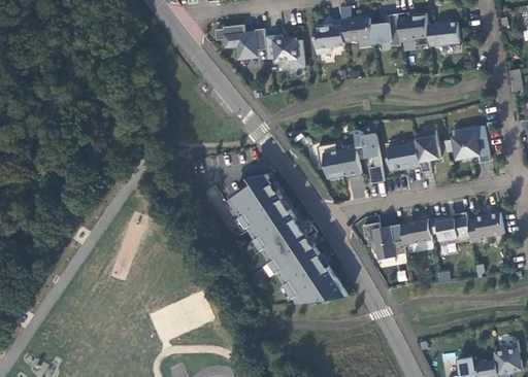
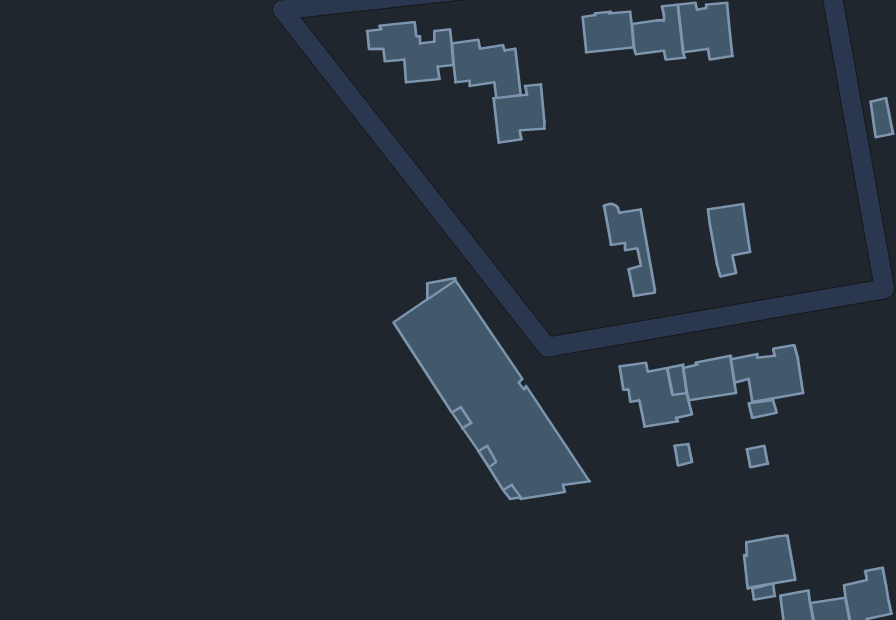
building: [314,20,343,54] -> [493,84,545,143]
building: [427,20,460,45] -> none
building: [444,126,490,162] -> none
building: [386,141,420,169] -> none
building: [317,142,362,179] -> none
building: [467,212,503,242] -> none
building: none -> [744,535,795,589]

